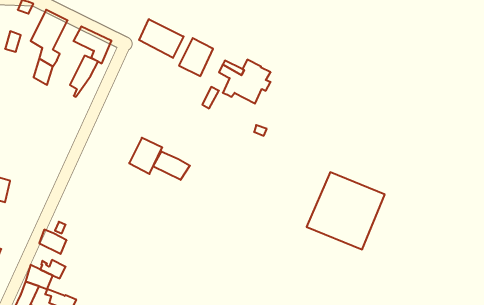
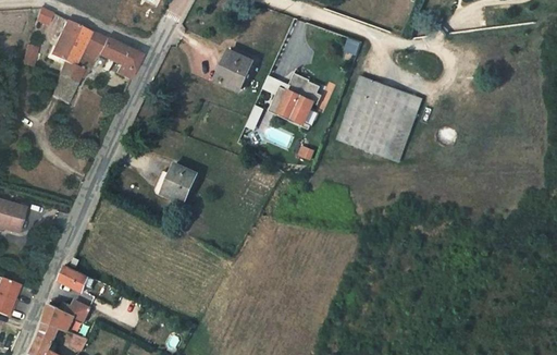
building: [139,19,184,58] -> none
building: [70,56,98,97] -> [74,32,106,77]
building: [153,151,190,180] -> none
building: [307,172,385,249] -> [337,77,424,163]

